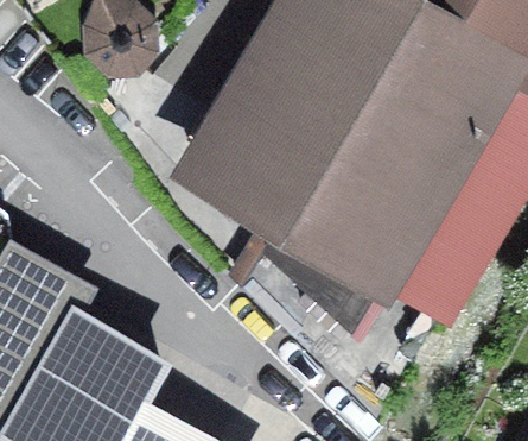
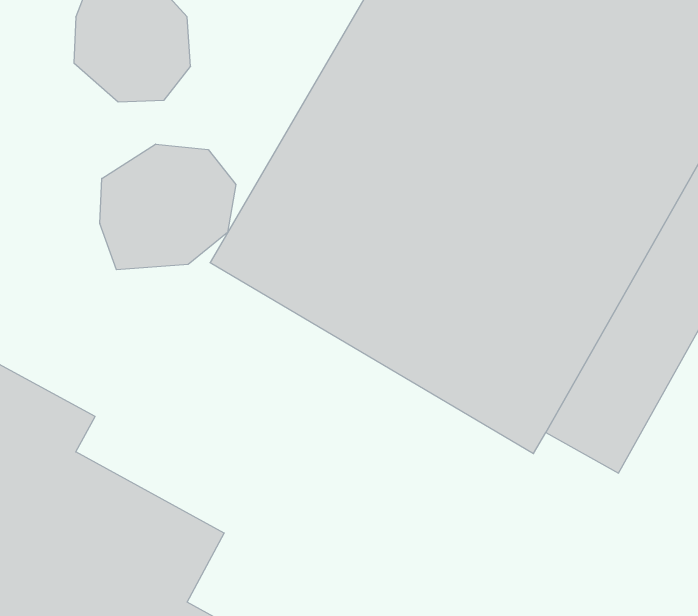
building: none -> [100,144,236,270]

